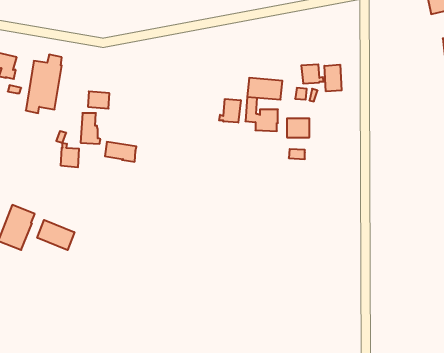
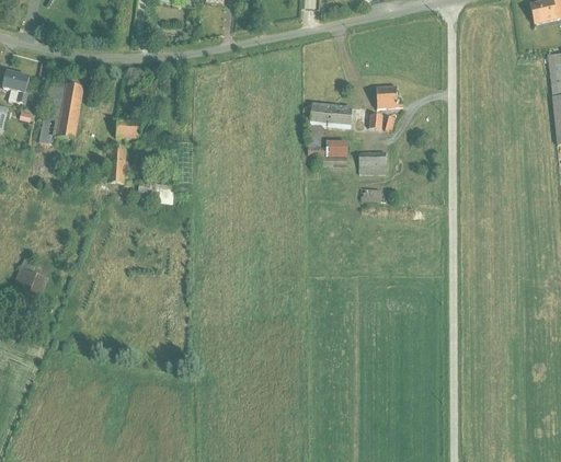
building: [324,65,342,91] -> none
building: [219,99,241,123] -> none
building: [61,143,79,167] -> none
building: [37,220,74,250] -> none

